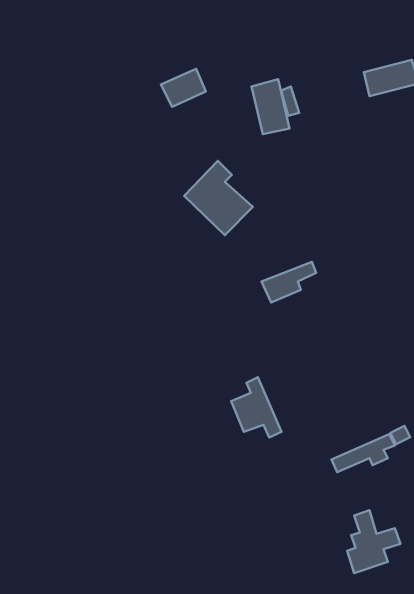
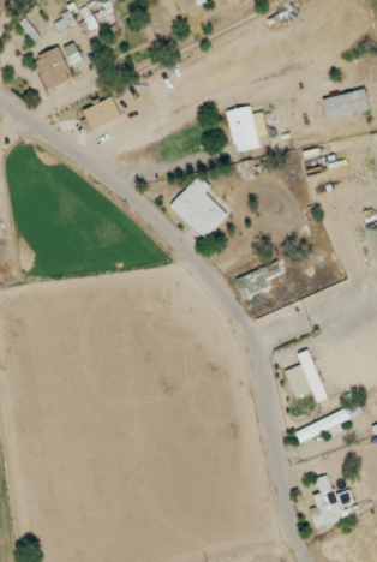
building: none -> [35,48,72,90]
building: [161,69,206,107] -> [83,97,121,130]
building: [231,377,282,438] -> [285,351,328,402]

